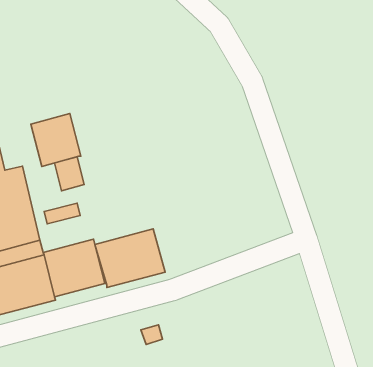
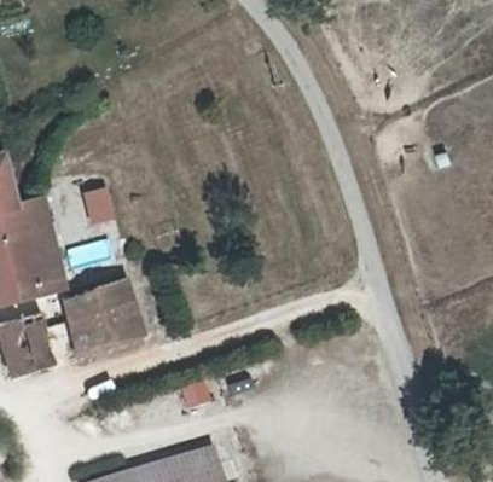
building: [31,114,81,166] -> none
building: [95,229,165,288] -> none

